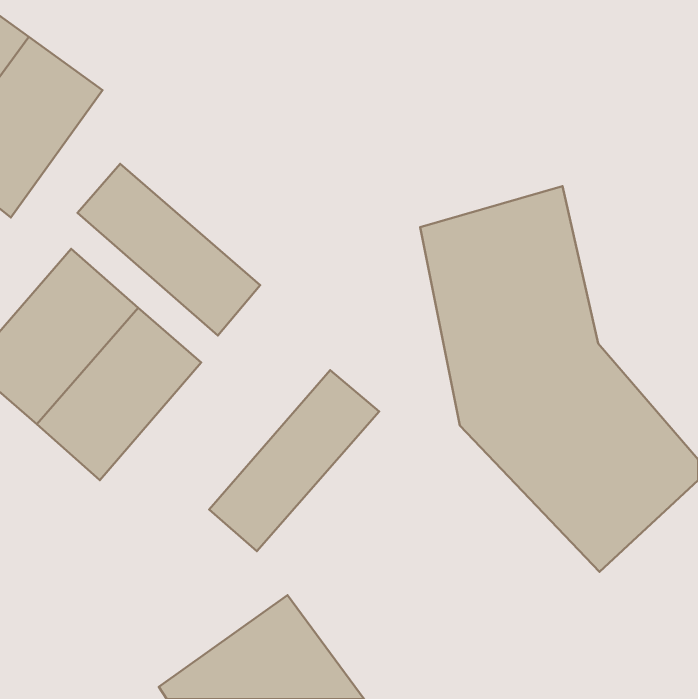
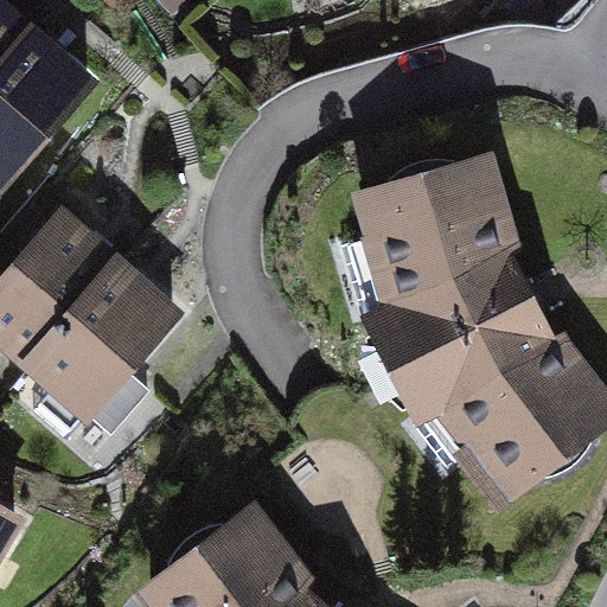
building: [78,164,260,336] -> none
building: [209,370,379,551] -> none

